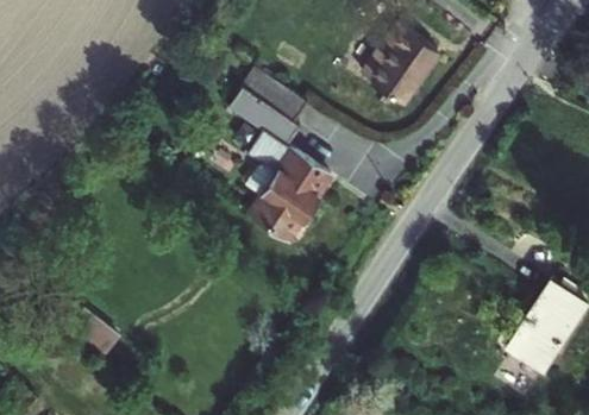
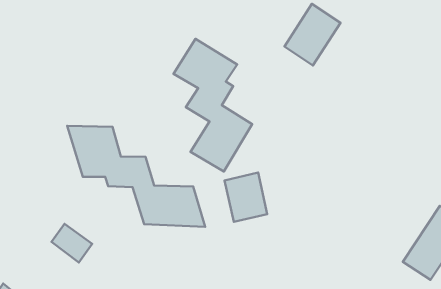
building: none -> [67,126,205,227]
building: none -> [225,173,267,222]

